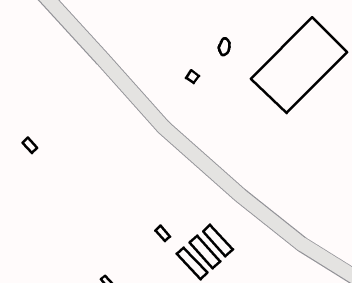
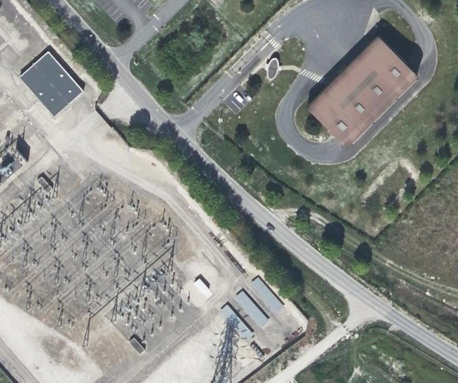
building: none -> [19,51,84,116]

